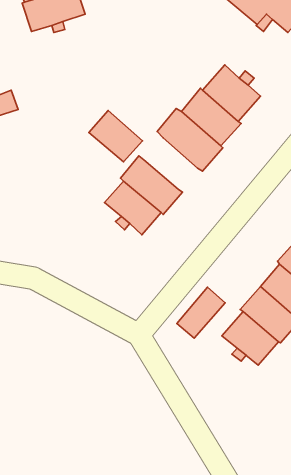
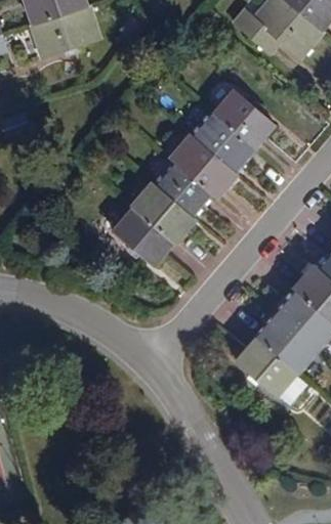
building: [89,110,143,162] -> [157,161,211,213]
building: [177,287,225,338] -> none

